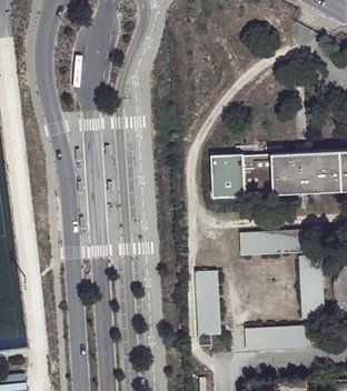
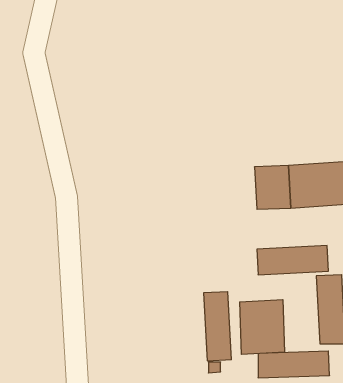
building: [211,157,244,197] -> none
building: none -> [240,300,285,354]

